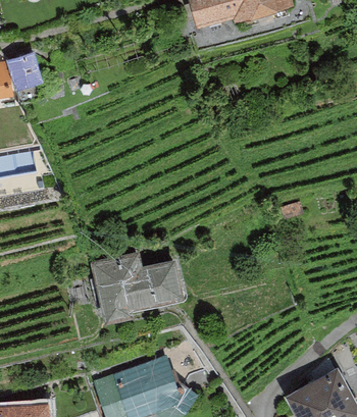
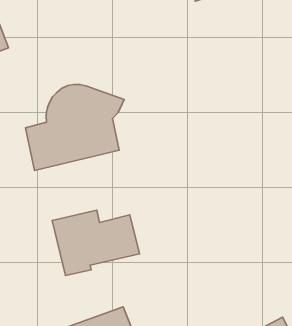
building: none -> [26,84,124,170]

